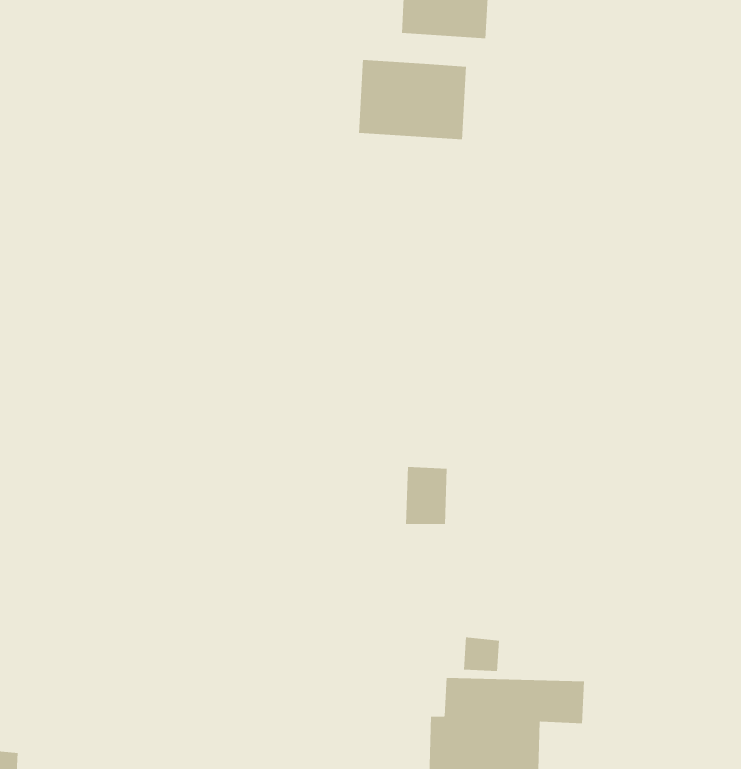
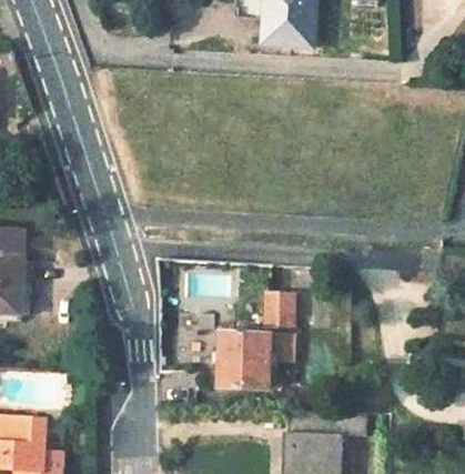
building: [359,59,466,140] -> none
building: none -> [219,331,293,385]

